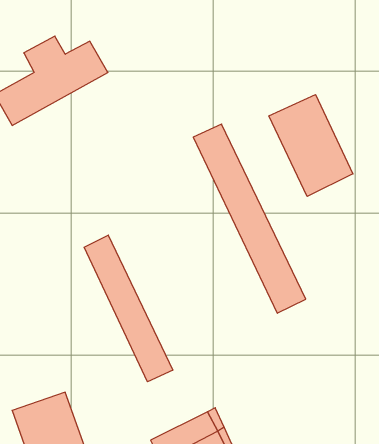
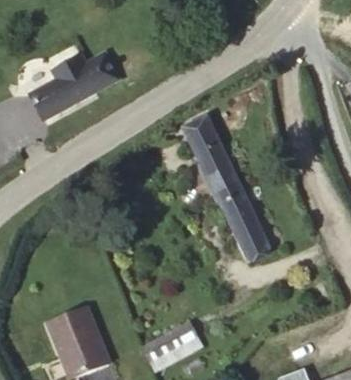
building: [269,95,353,196] -> none
building: [84,235,173,382] -> none

